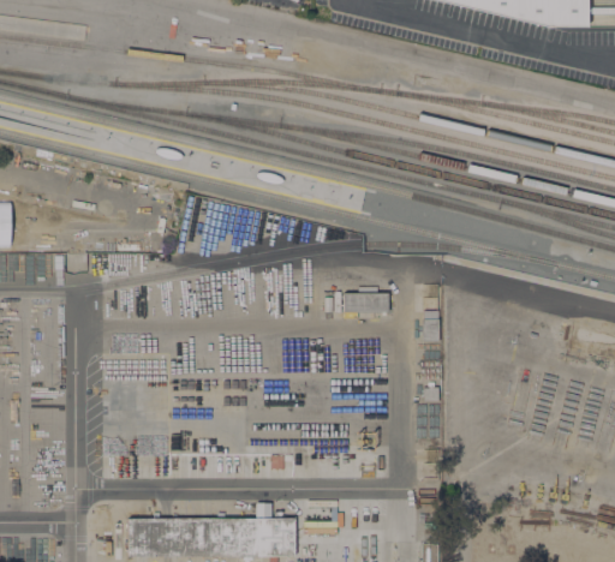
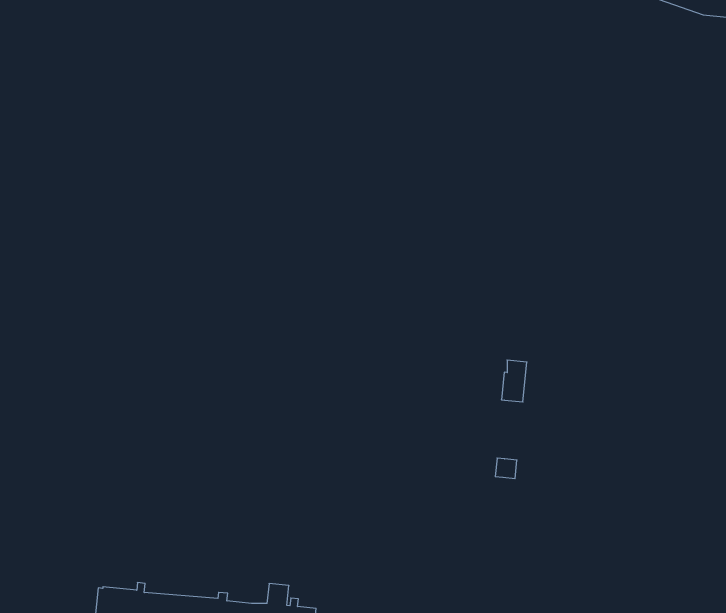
building: [345,286,389,312] -> none

